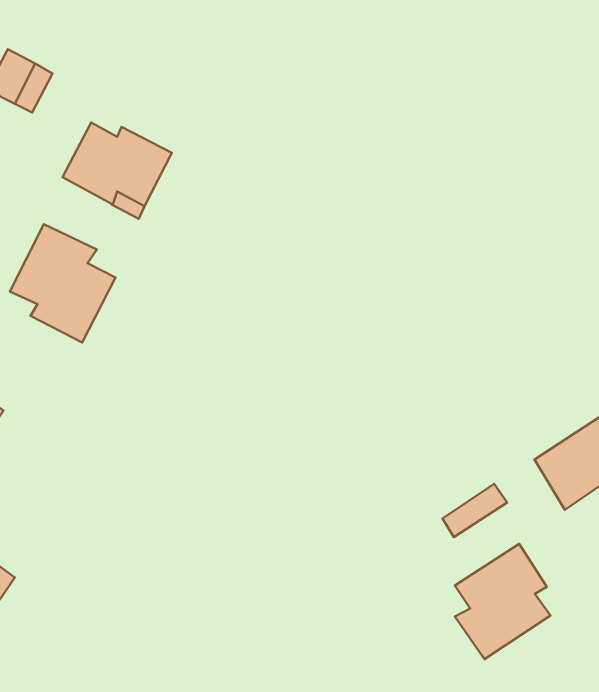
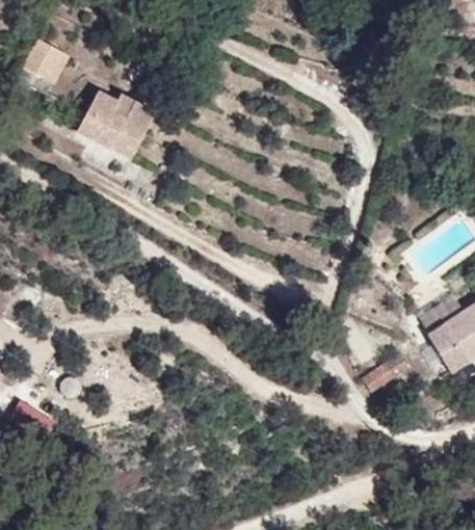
building: [10,224,116,342] -> none
building: [455,544,550,659] -> none

